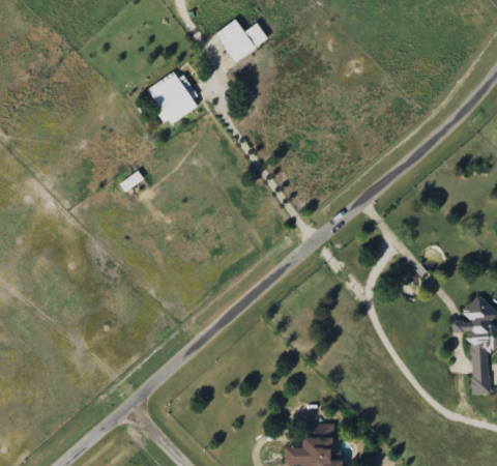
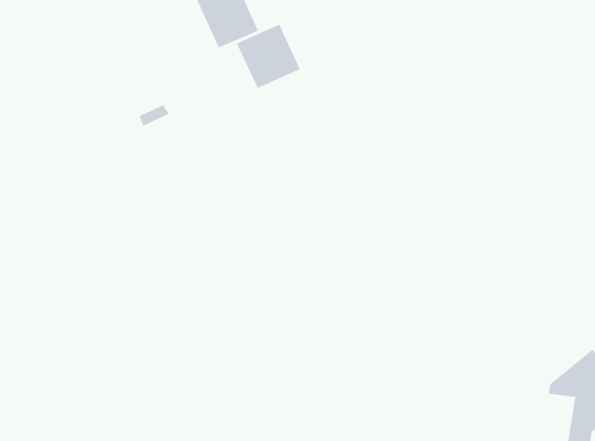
building: none -> [236,24,301,89]

